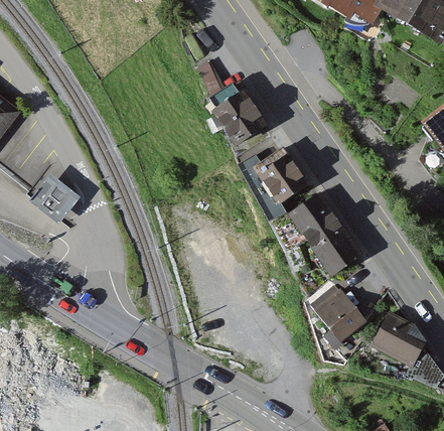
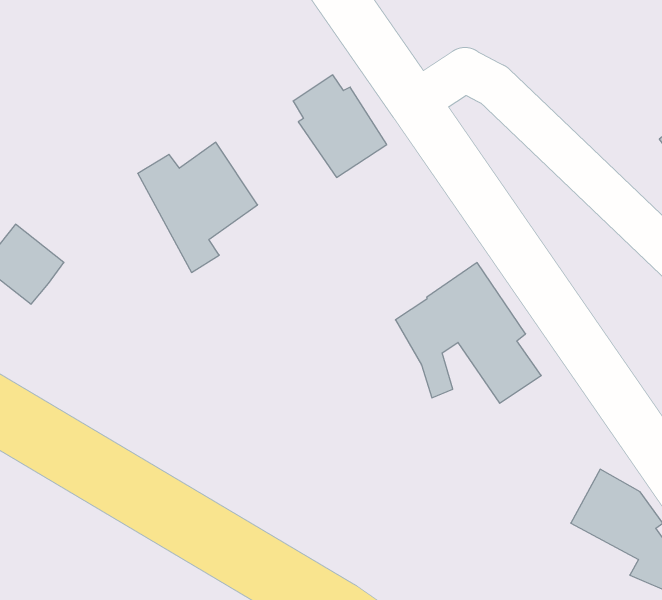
building: [238,148,307,224] -> [138,142,258,272]
building: [310,286,364,342] -> none

